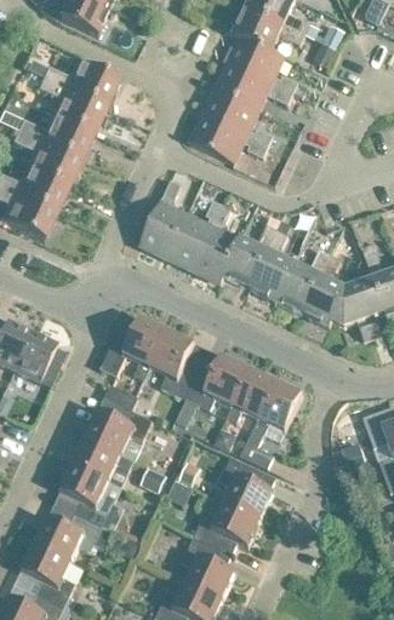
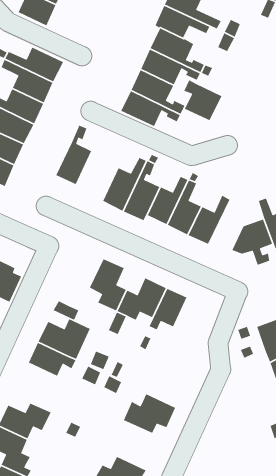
building: none -> [183,79,222,121]
building: [141,180,188,258] -> [55,124,92,185]
building: [303,256,352,327] -> none
building: [101,317,169,380] -> none
building: [241,380,304,469] -> none
building: [219,457,276,521] -> none
building: [59,464,124,532] -> none
building: [182,538,236,601] -> none

